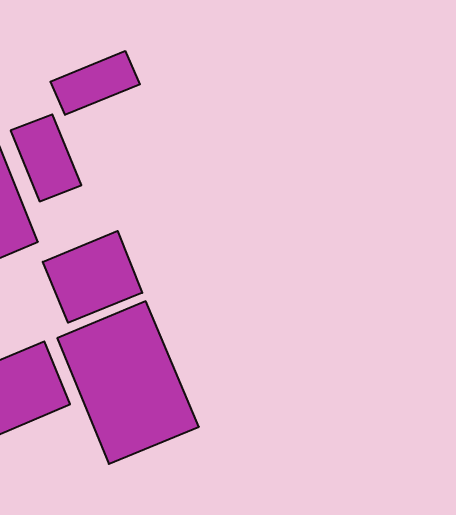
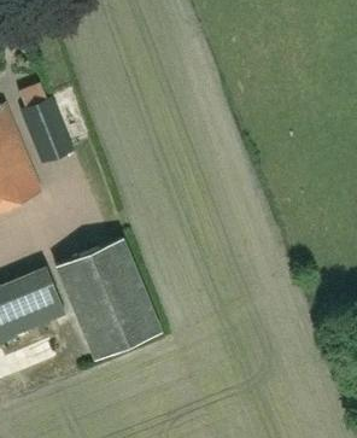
building: [50,51,140,115] -> none
building: [43,231,142,323] -> none

